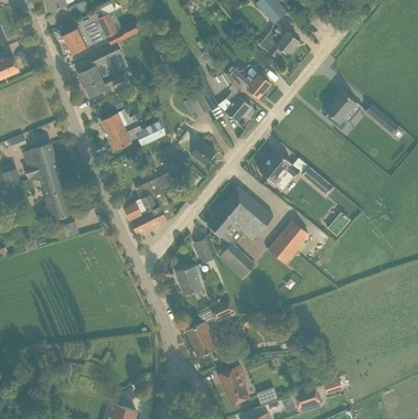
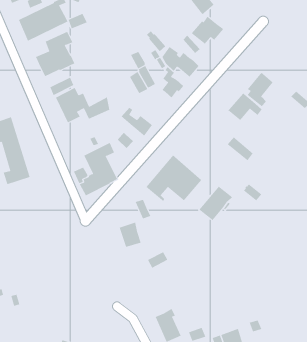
building: [258,150,299,183] -> [227,92,262,121]
building: [218,244,254,278] -> none
building: [185,321,216,356] -> none

